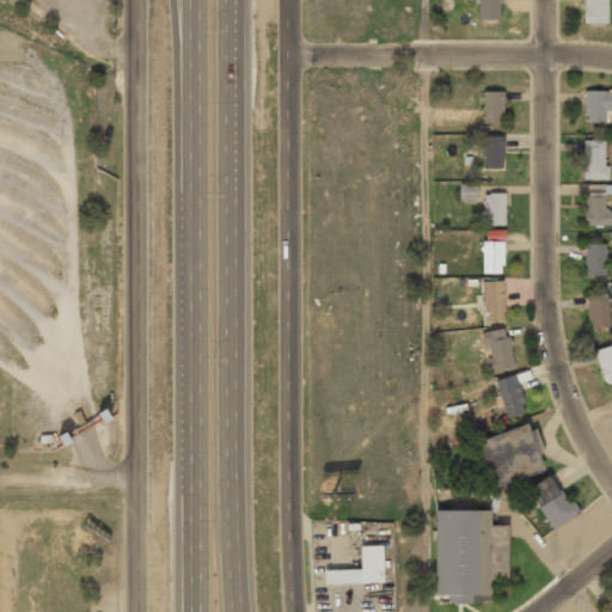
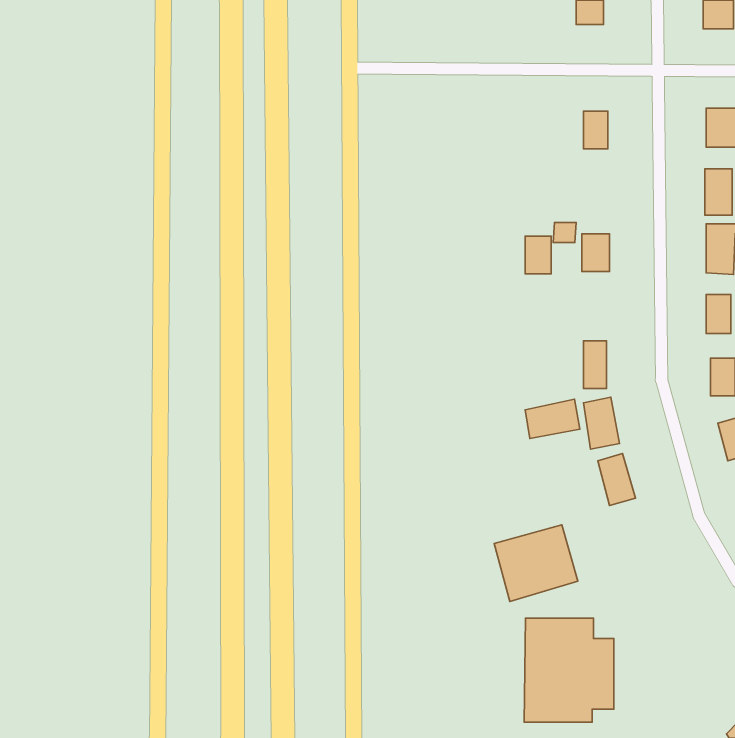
building: [485,136,504,169] -> none
building: [483,243,504,274] -> [525,236,551,274]
building: none -> [525,399,580,438]
building: [477,424,546,488] -> [494,525,578,601]
building: [530,473,579,530] -> none
building: [325,545,385,585] -> none

